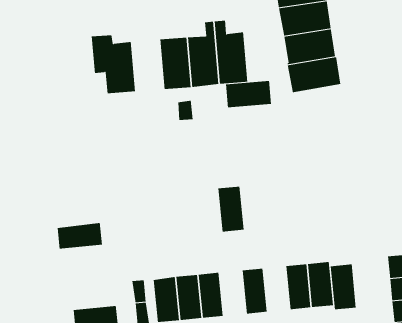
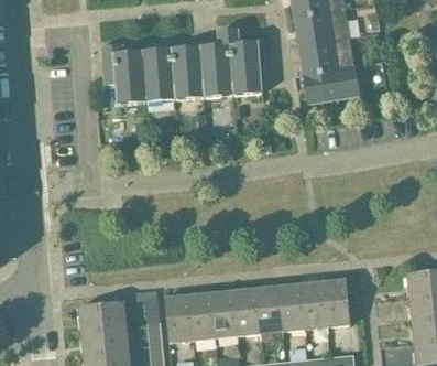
building: none -> [142,49,175,103]
building: [225,80,271,108] -> none
building: [218,186,244,232] -> [232,287,260,334]
building: [57,222,103,249] -> [79,300,127,327]
building: [330,264,357,310] -> [277,282,305,330]

